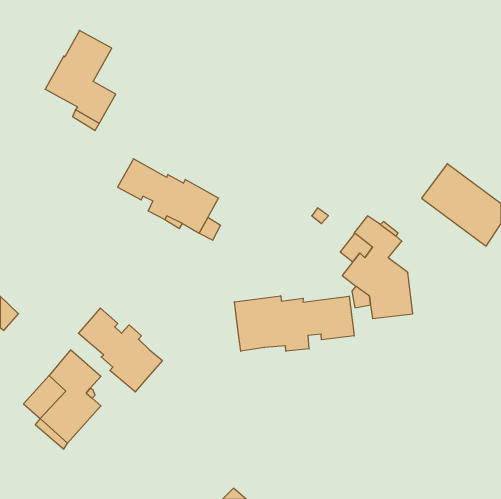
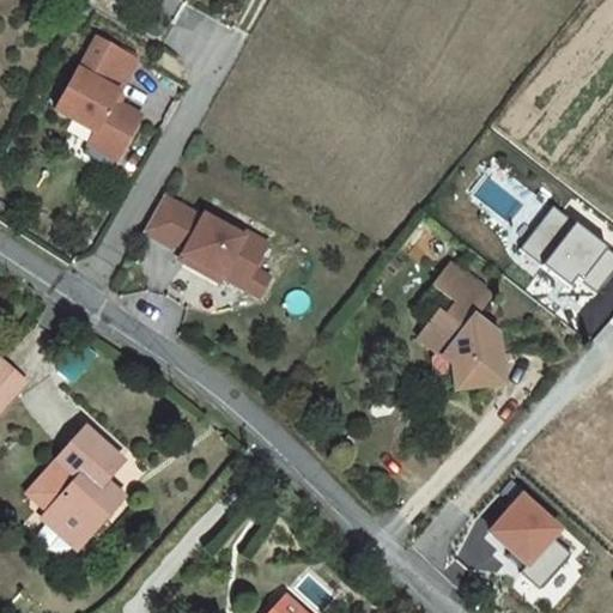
building: [234,296,354,351] -> none
building: [78,308,162,392] -> none
building: none -> [490,497,578,591]

